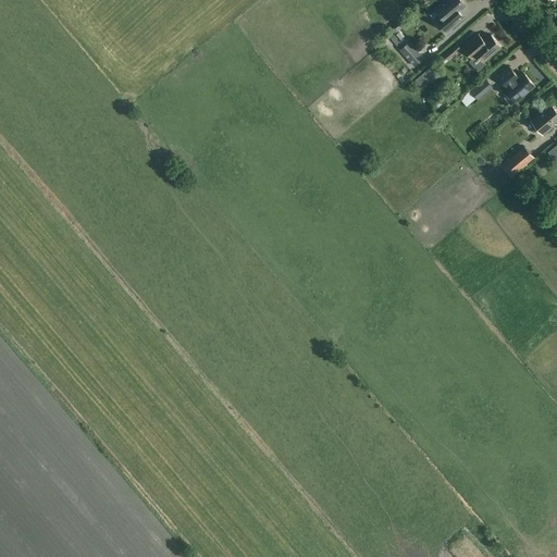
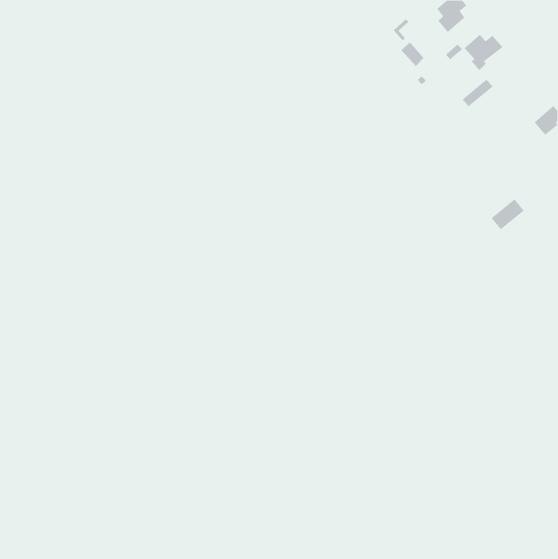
building: [497,66,534,104] -> none
building: [499,146,533,177] -> [491,198,525,230]

